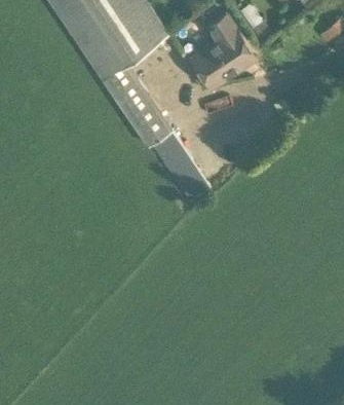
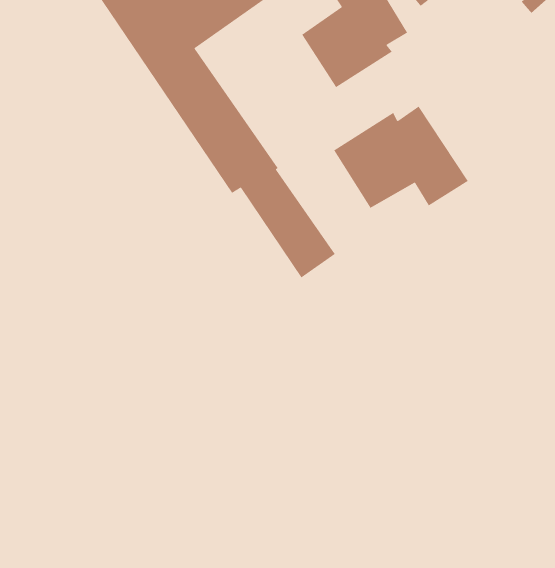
building: none -> [333,106,469,209]

